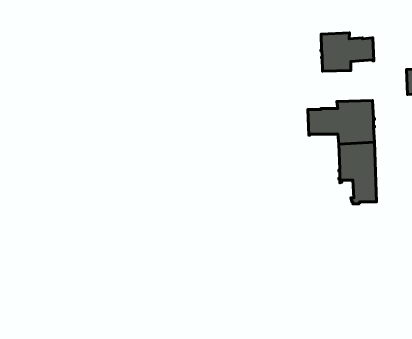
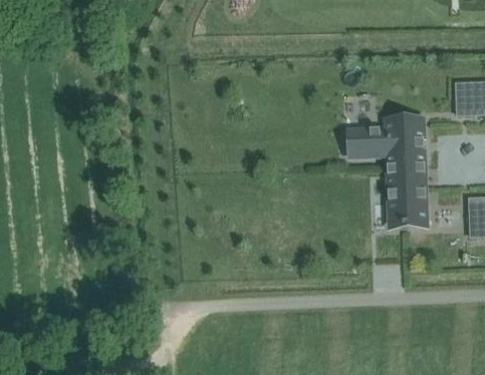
building: [321,33,374,71] -> none

